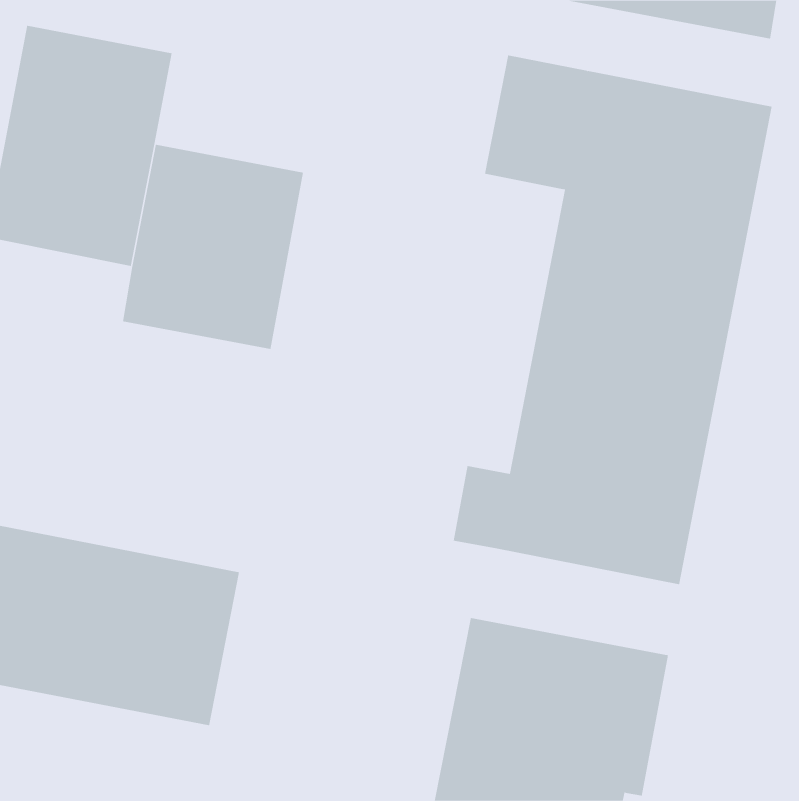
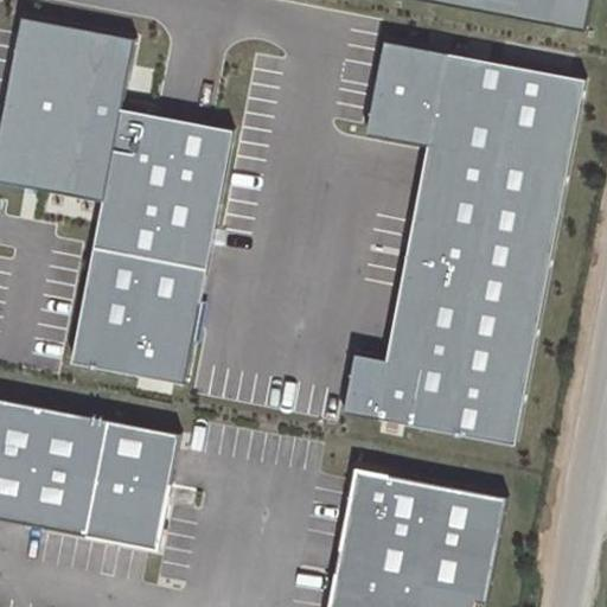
building: none -> [70,243,205,381]

